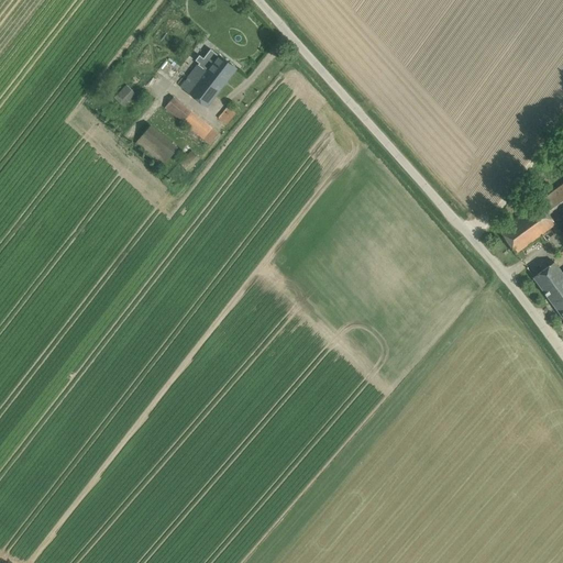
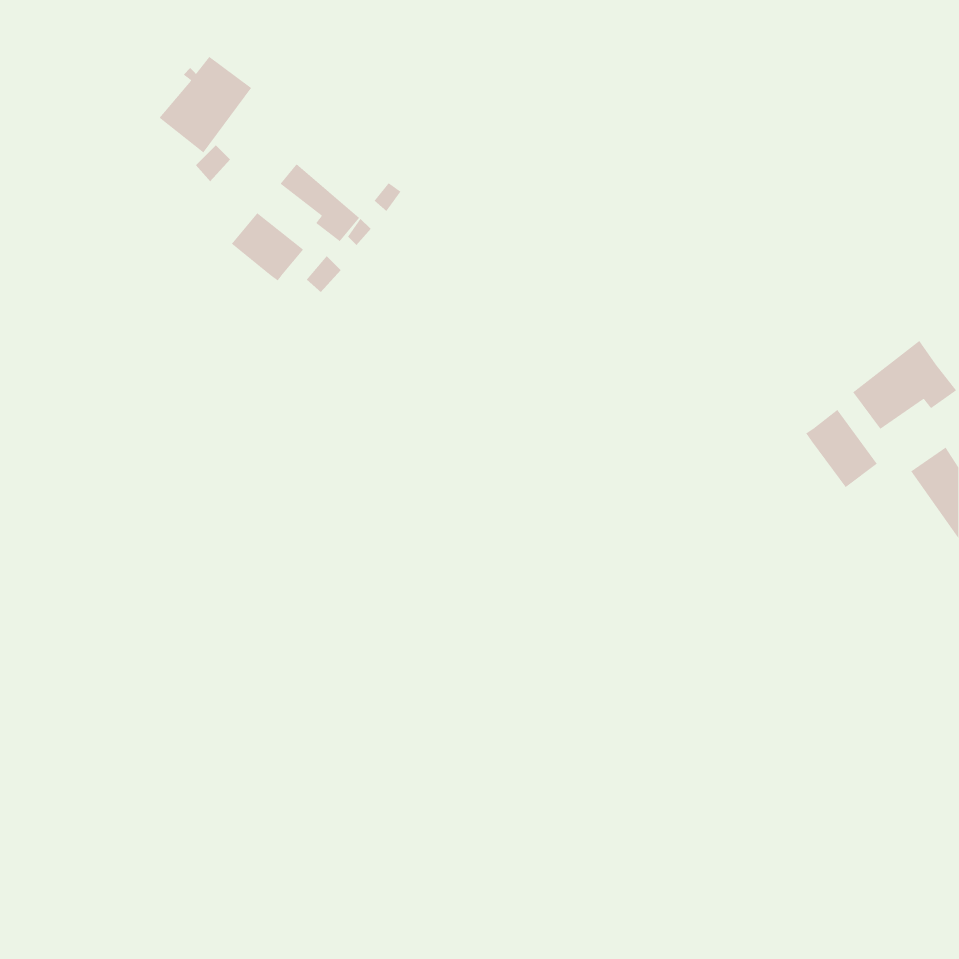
building: [181,48,236,106] -> [158,56,252,154]
building: none -> [805,409,878,488]

